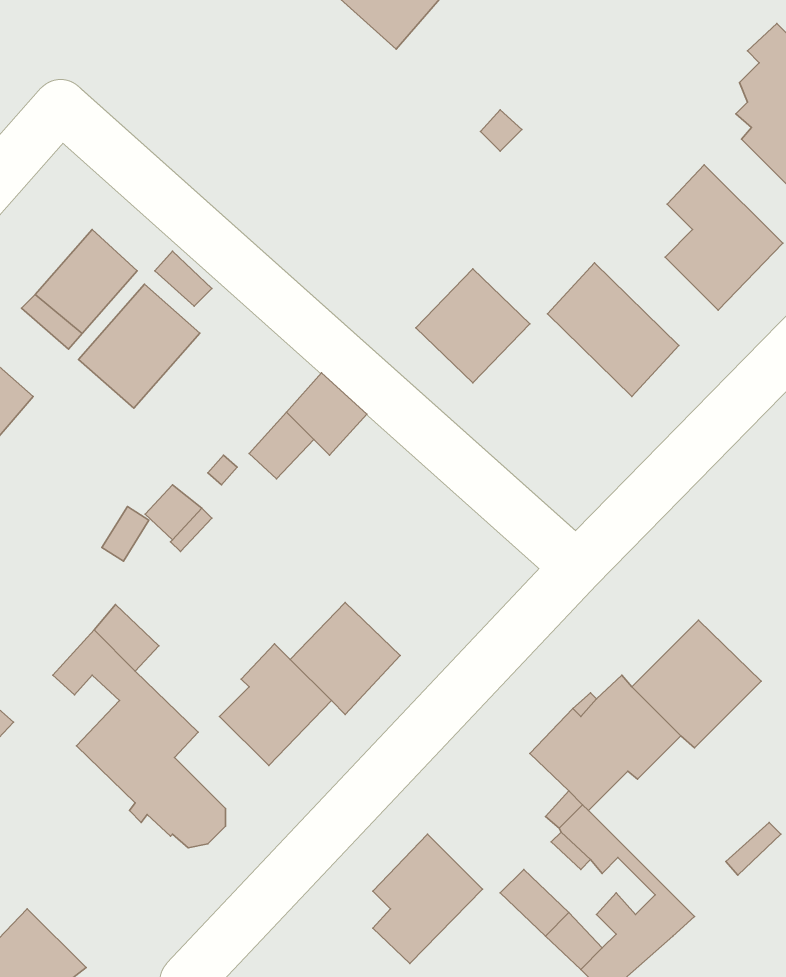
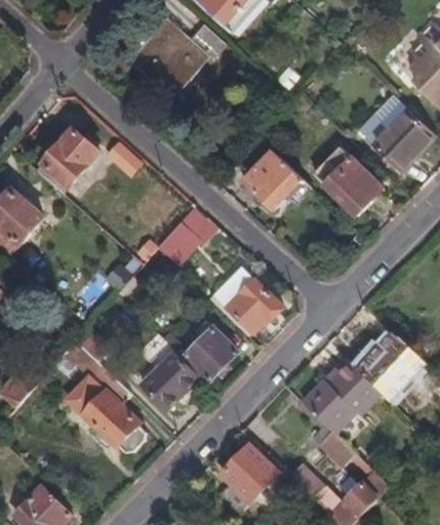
building: none -> [135,23,227,92]
building: [78,284,200,408] -> none
building: none -> [213,266,282,331]

